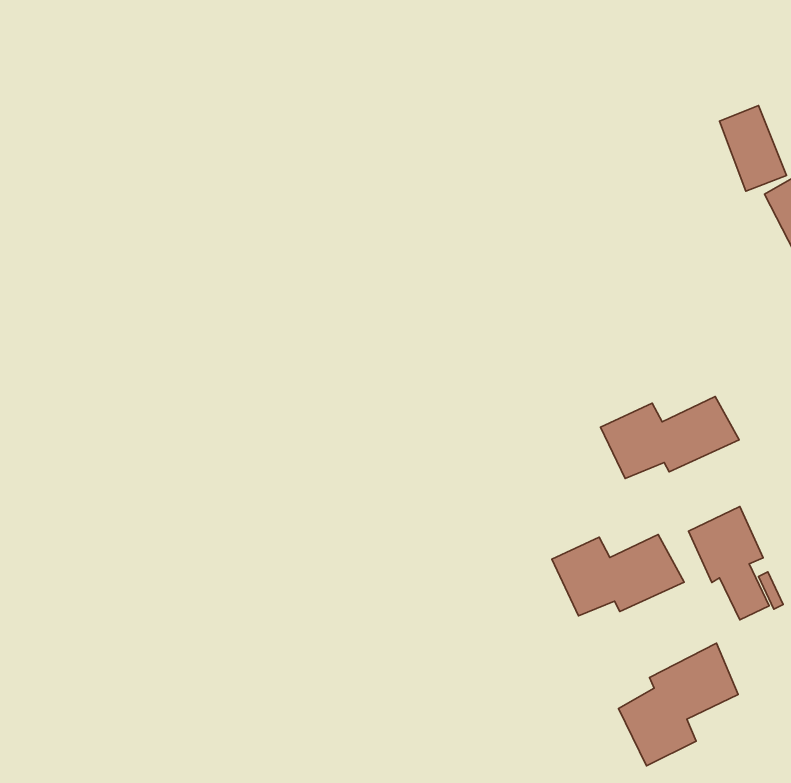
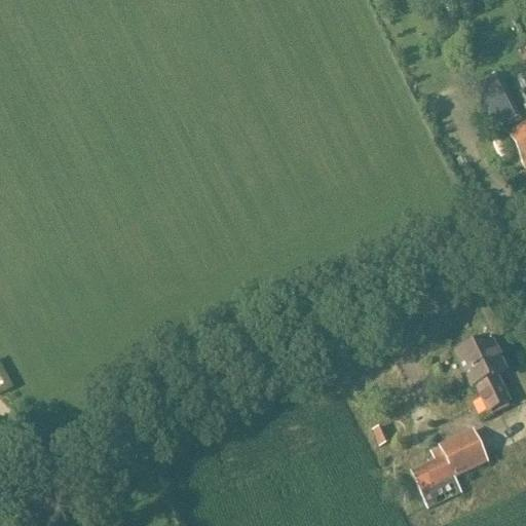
building: [600,397,739,479] -> none
building: [552,534,684,616] -> none

